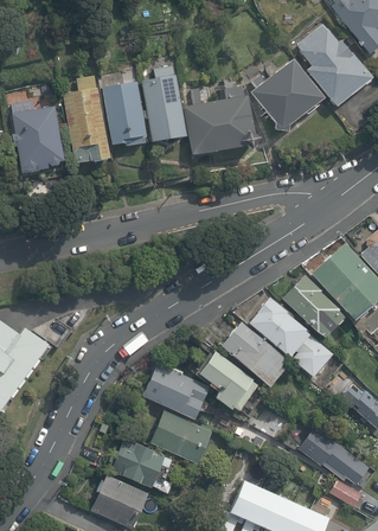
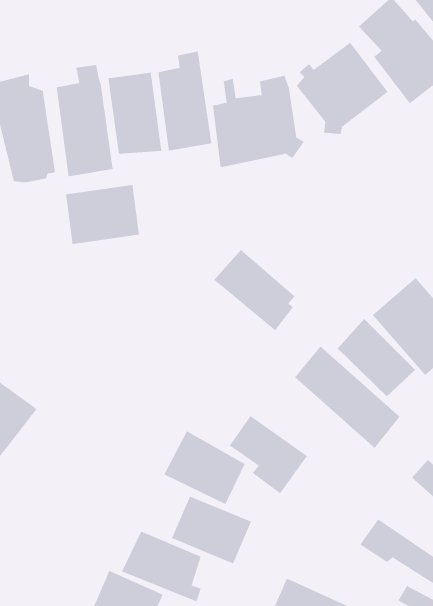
building: none -> [66,184,140,245]
building: [222,322,286,386] -> [213,249,295,331]

